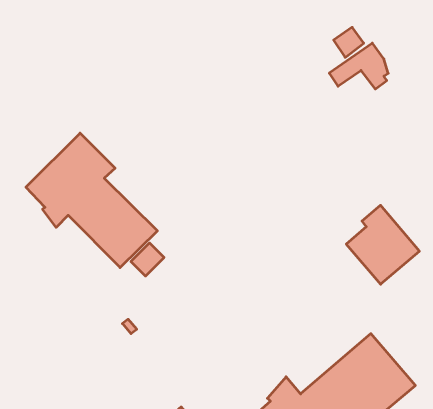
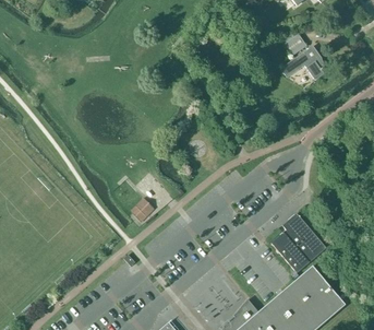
building: [26,133,157,268] -> none
building: [346,205,419,284] -> [270,213,326,273]

